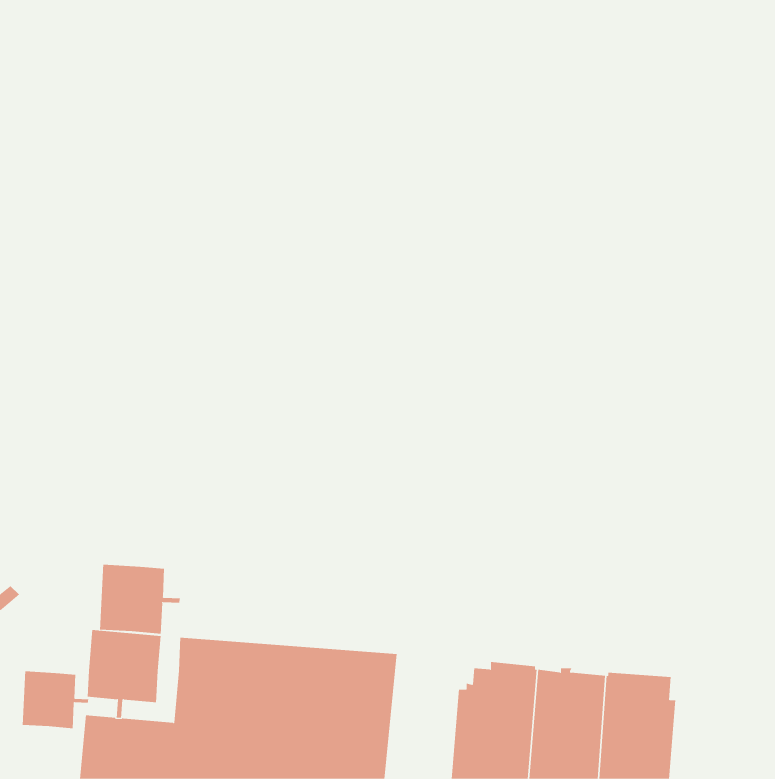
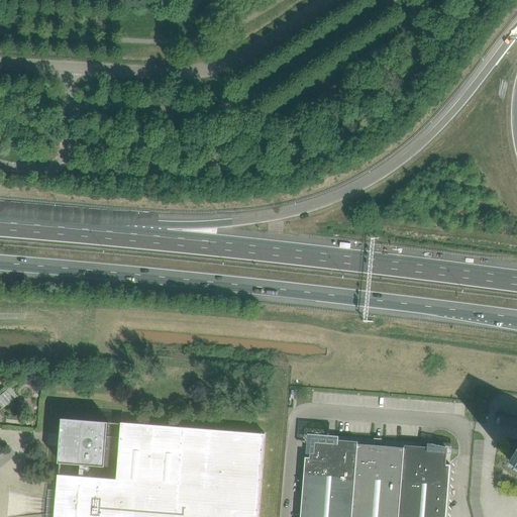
building: [99,564,180,635] -> none
building: [22,671,89,729] -> none

